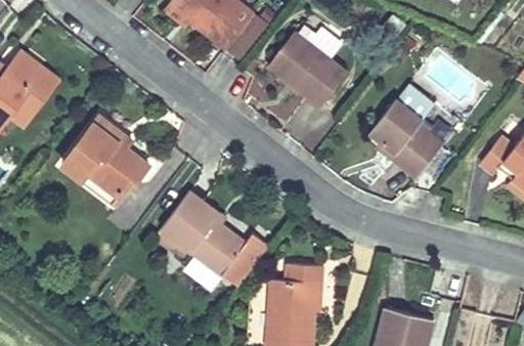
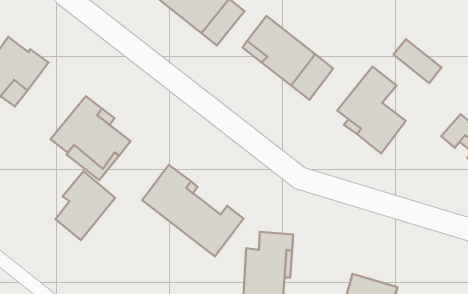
building: none -> [394,39,442,83]
building: none -> [56,171,115,240]

